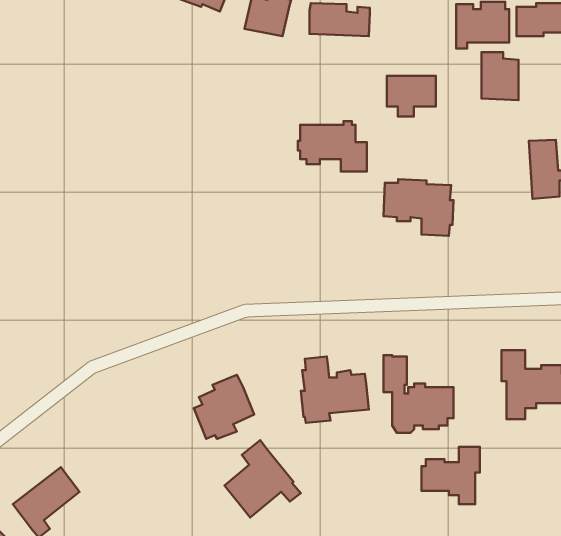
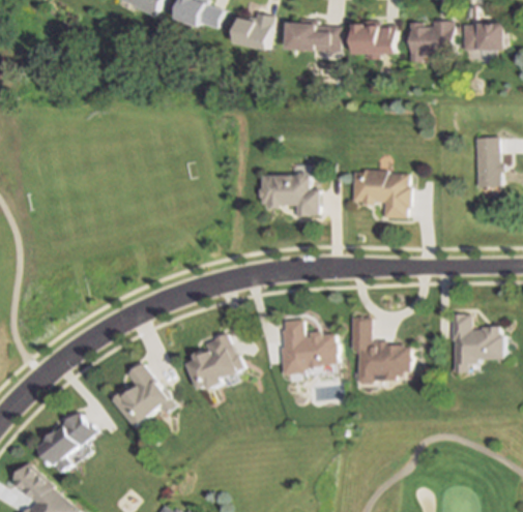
building: [481,52,518,100] -> none
building: [387,76,436,117] -> [355,26,397,60]
building: [298,121,367,172] -> [260,172,318,214]
building: [224,440,301,518] -> [113,362,177,427]
building: [421,447,480,504] -> none

